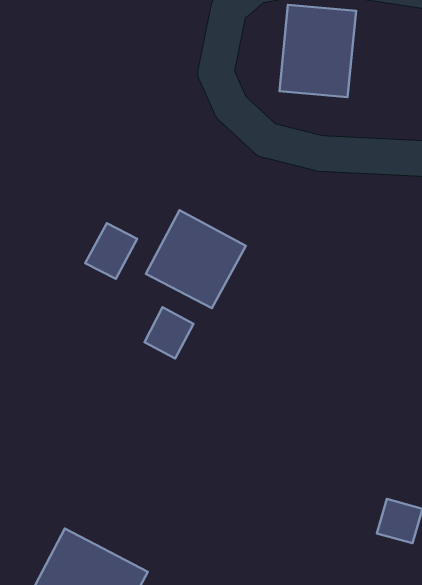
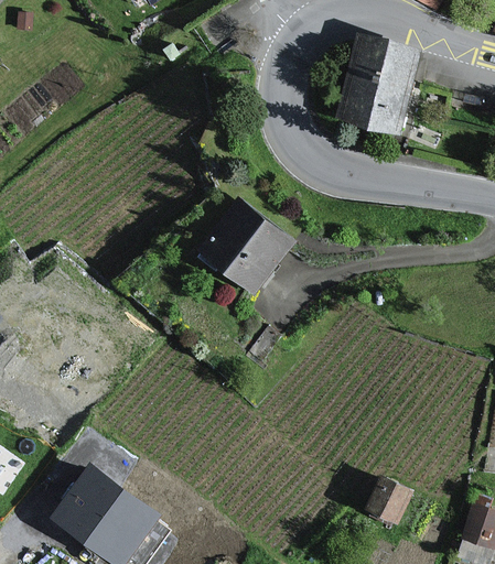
building: [85,223,137,279] -> none
building: [144,307,193,359] -> none

